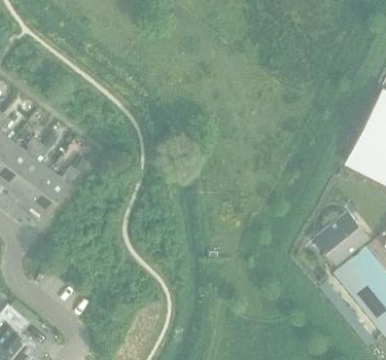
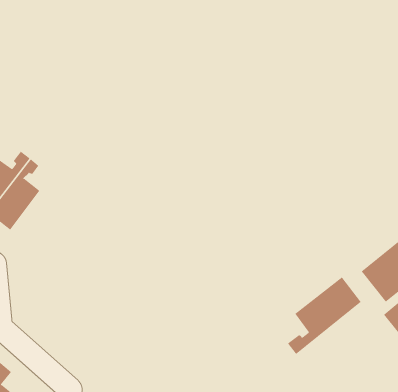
building: [25,166,78,218] -> none
building: none -> [287,276,361,355]

